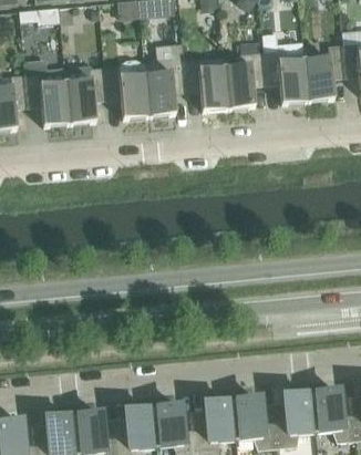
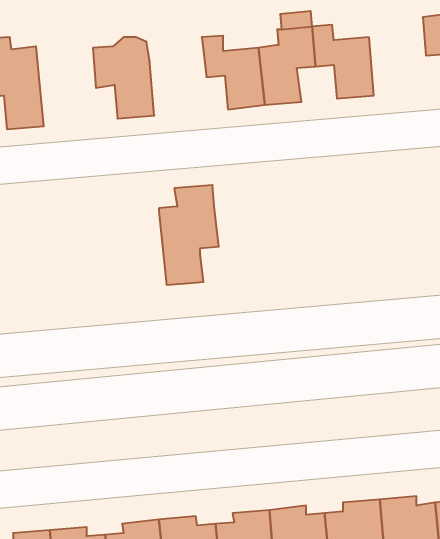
building: [144,43,187,115] -> [159,185,219,285]
building: [305,44,345,101] -> none
building: [64,63,107,123] -> none

